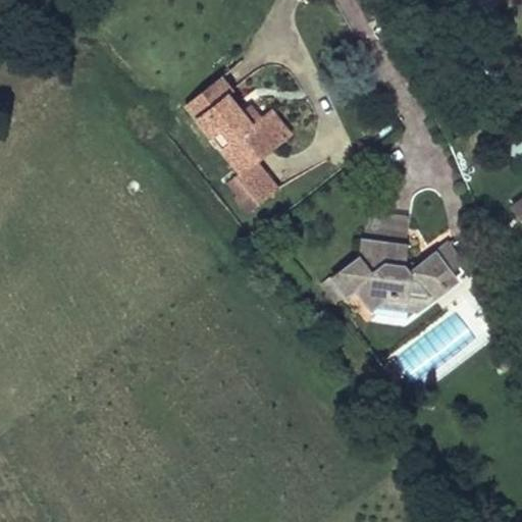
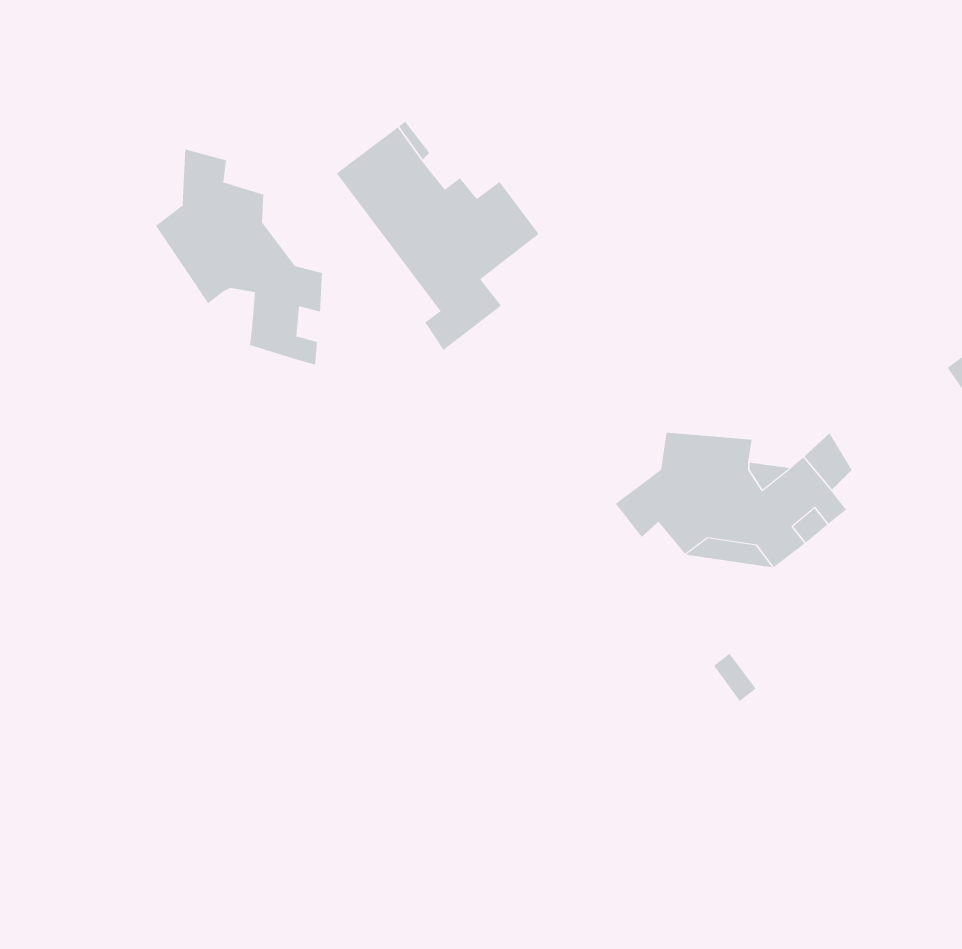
building: none -> [155,149,323,365]

